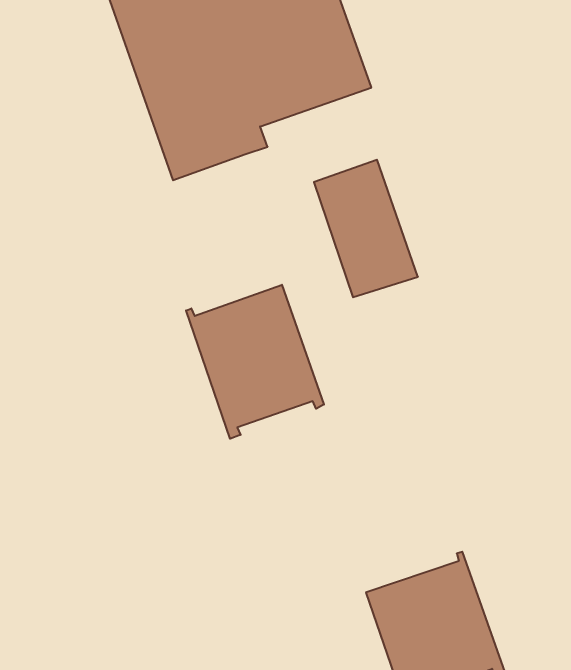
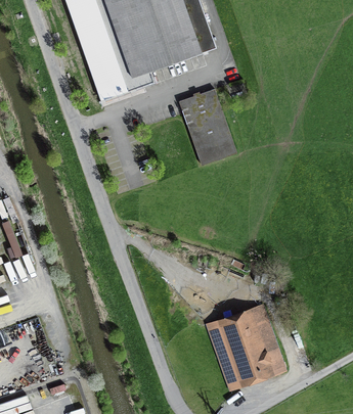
building: [186,285,324,439] -> none

